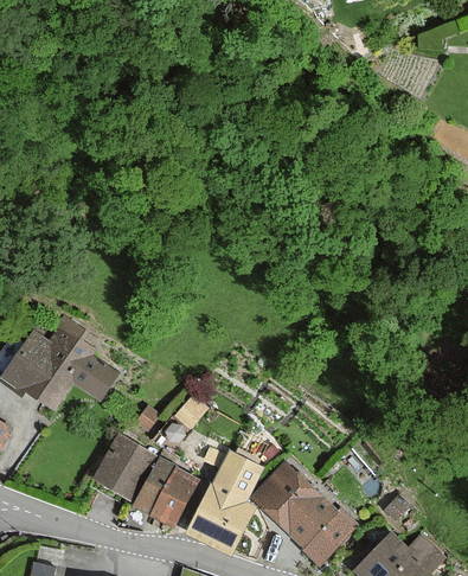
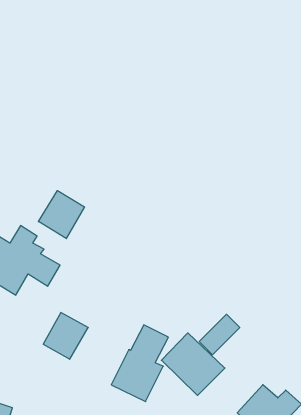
building: none -> [38,191,85,239]
building: [135,460,197,525] -> none
building: [301,510,355,564] -> [199,314,240,355]

